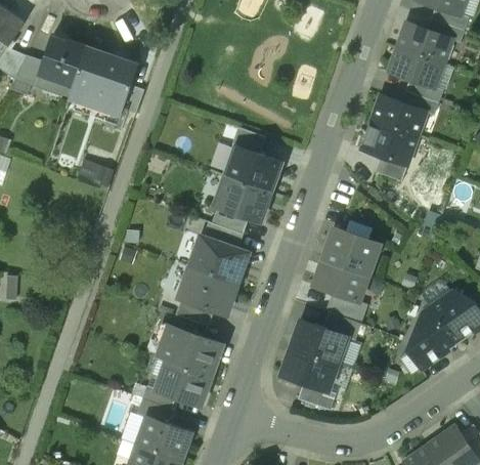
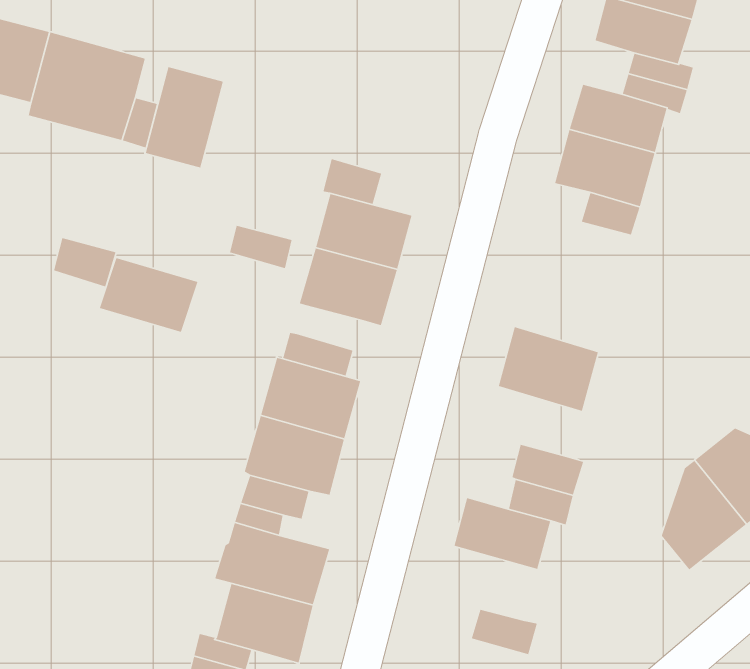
building: none -> [145,66,224,169]
building: none -> [99,257,199,333]
building: [212,208,248,235] -> [229,225,293,269]
building: [312,260,367,302] -> none
building: [280,347,337,391] -> none

